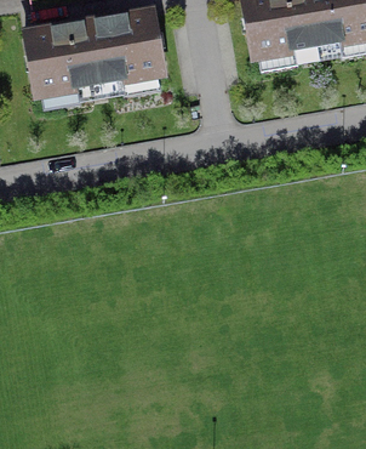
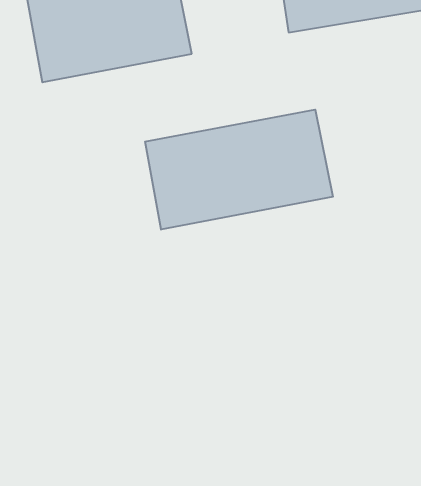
building: none -> [145,110,333,230]

